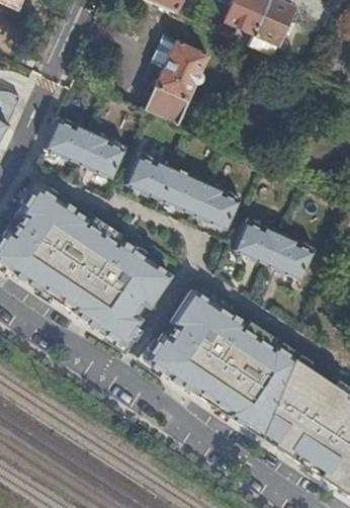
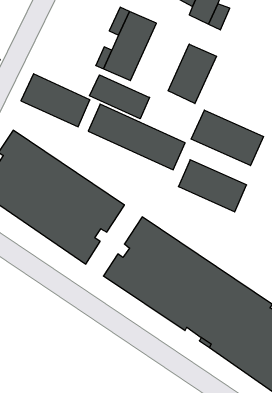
building: none -> [168,44,217,104]
building: none -> [90,75,150,119]
building: none -> [191,110,264,166]

